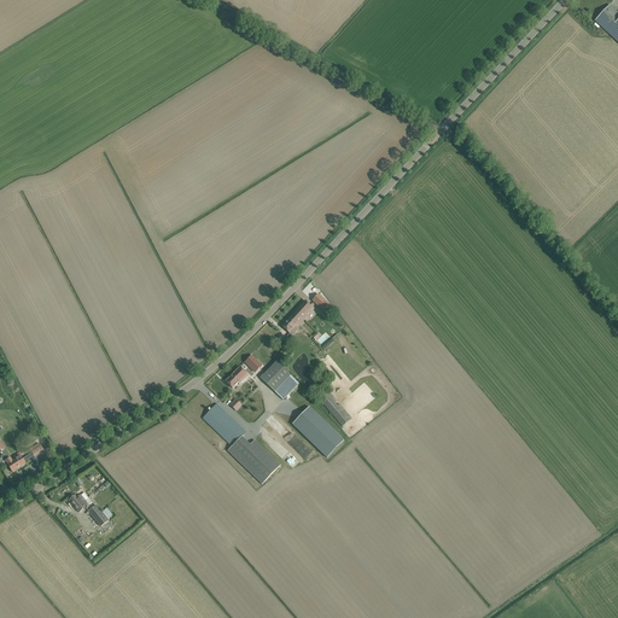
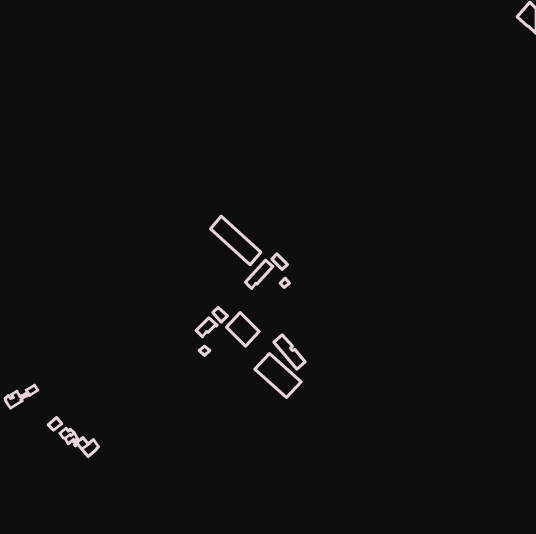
building: none -> [210,216,261,265]
building: [203,402,280,483] -> none

